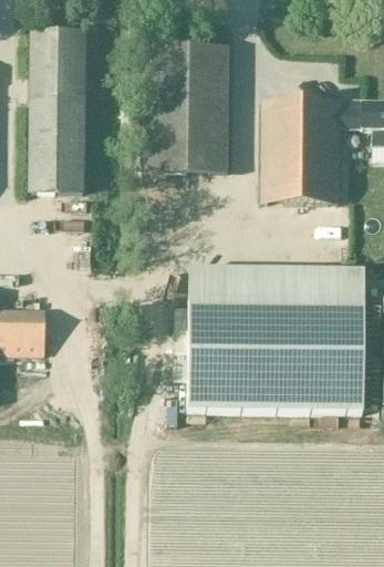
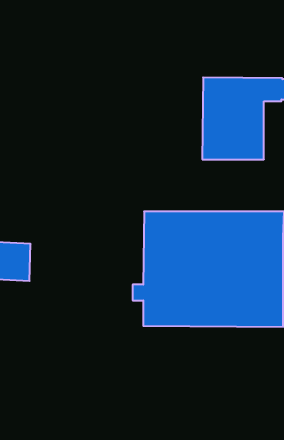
building: [29,30,85,190] -> none
building: [146,48,229,169] -> none

